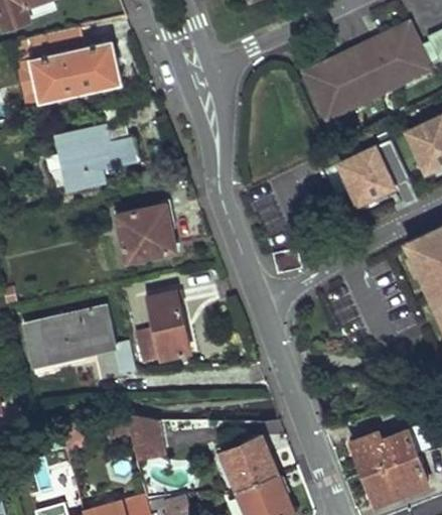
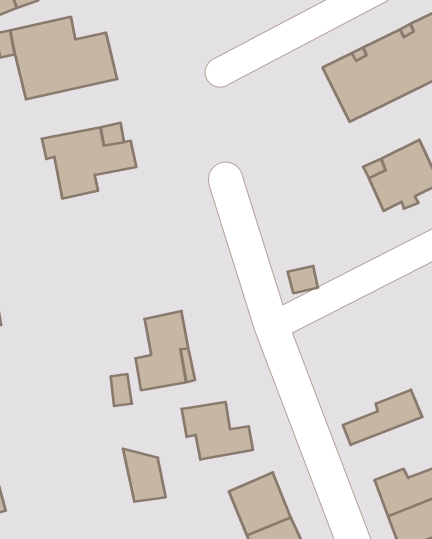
building: [116,206,169,262] -> none
building: [24,308,112,367] -> none
building: none -> [343,390,422,445]
building: none -> [182,402,253,460]

